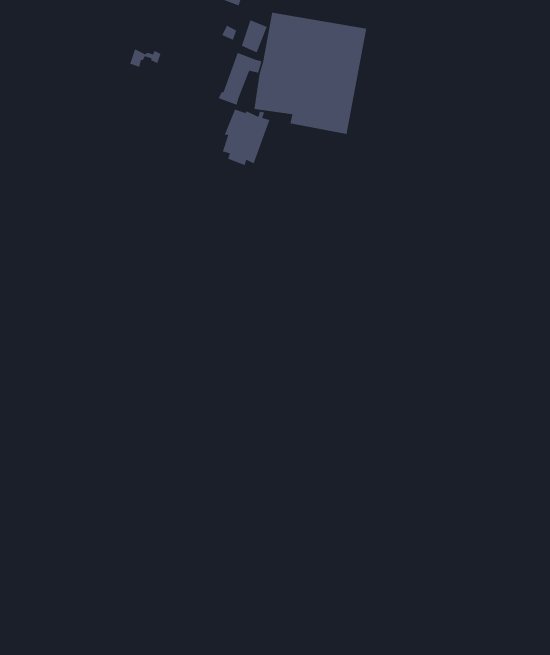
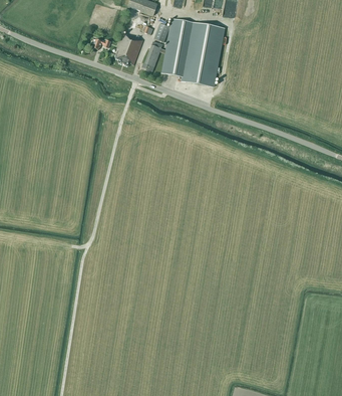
building: [222,109,270,166] -> [115,33,142,65]

